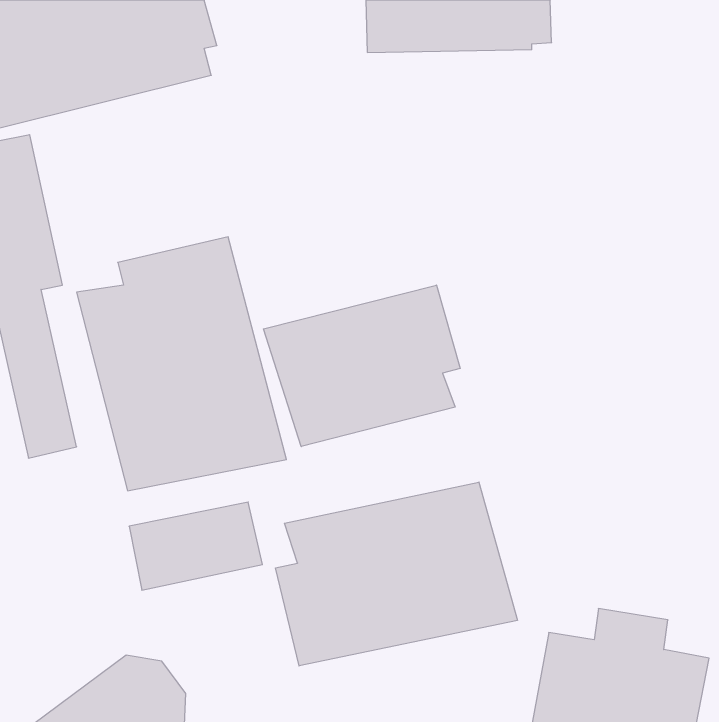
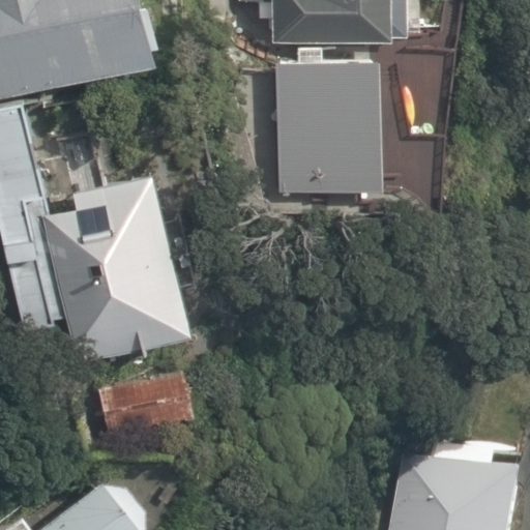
building: none -> [274,66,412,198]
building: [263,285,460,447] -> none
building: [276,482,517,666] -> none

